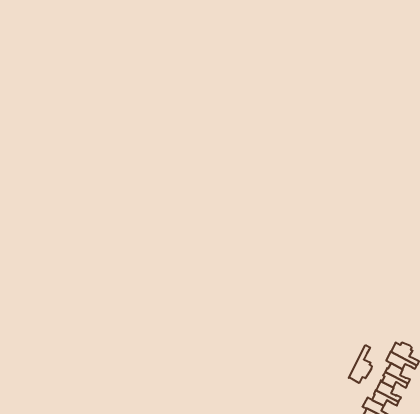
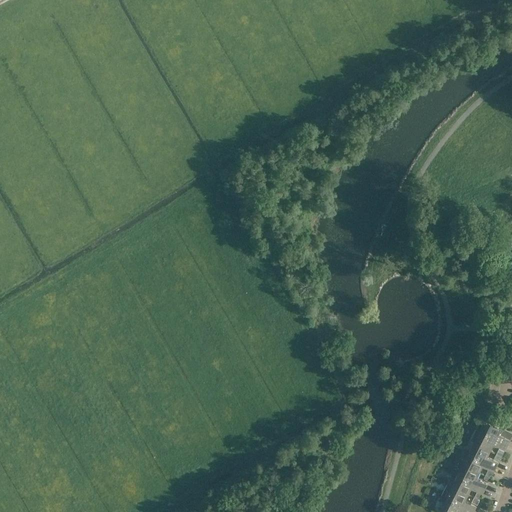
building: [349,345,372,383] -> none

